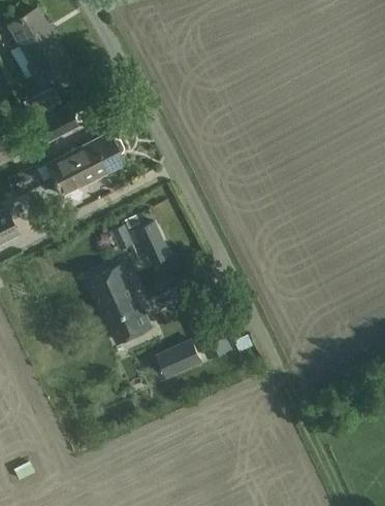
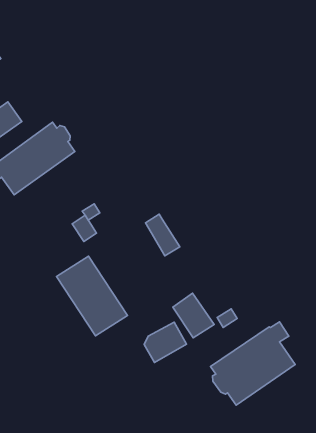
building: [140,222,169,262] -> [145,214,180,256]
building: none -> [211,322,295,405]

